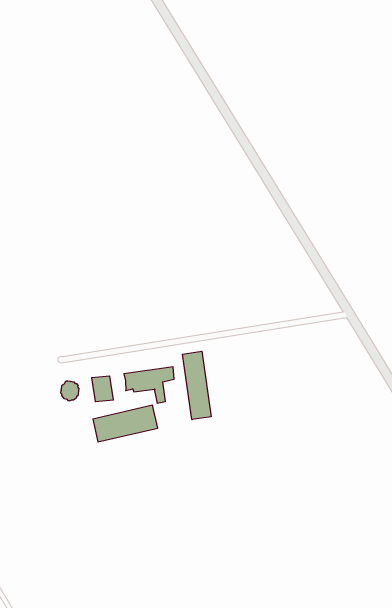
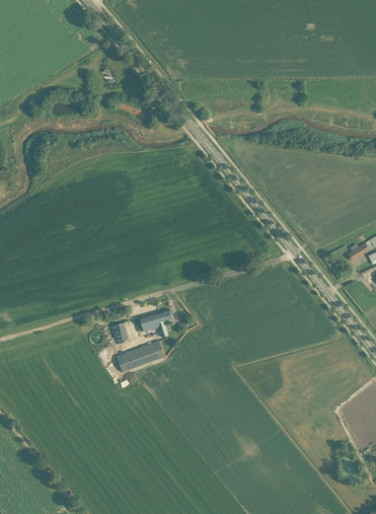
building: [183,351,211,420] -> none

